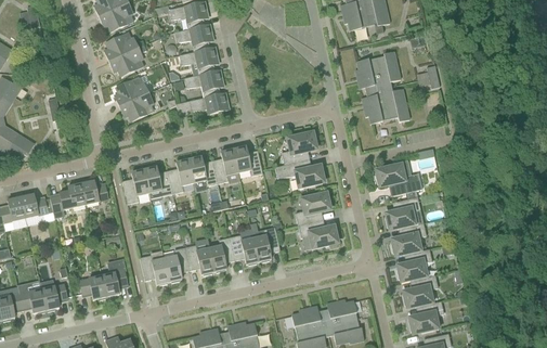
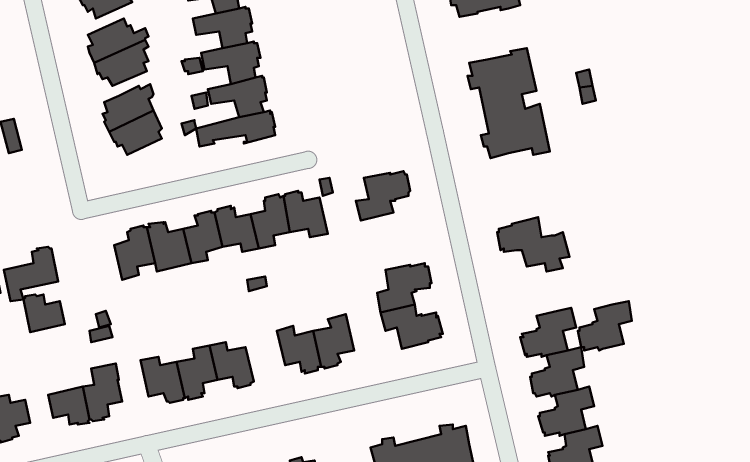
building: [274,158,324,188] -> none
building: [80,179,107,204] -> [24,295,65,332]
building: [383,195,419,228] -> [578,301,632,350]
building: [208,236,234,271] -> none

